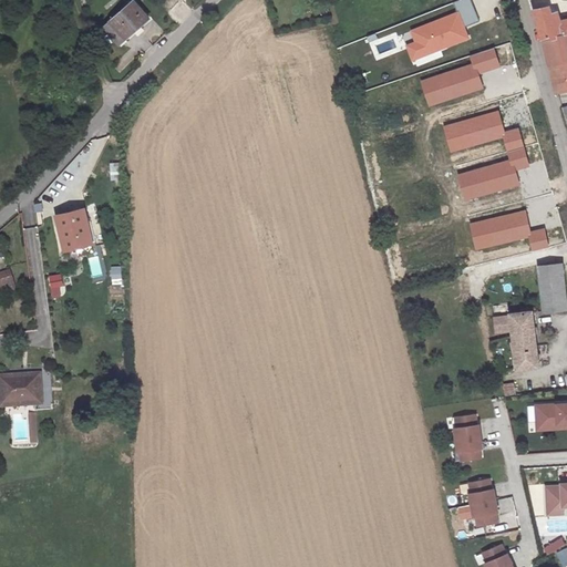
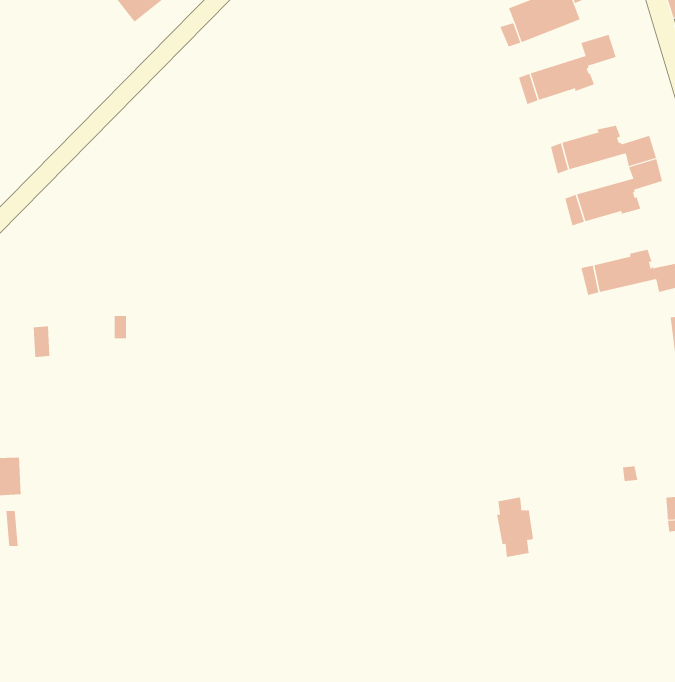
building: [53,209,90,250] -> none
building: [494,311,537,369] -> none
building: [449,421,477,467] -> [496,497,534,557]
building: [462,486,492,533] -> none

